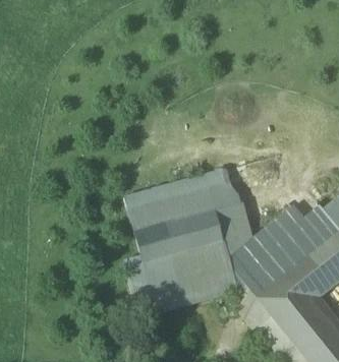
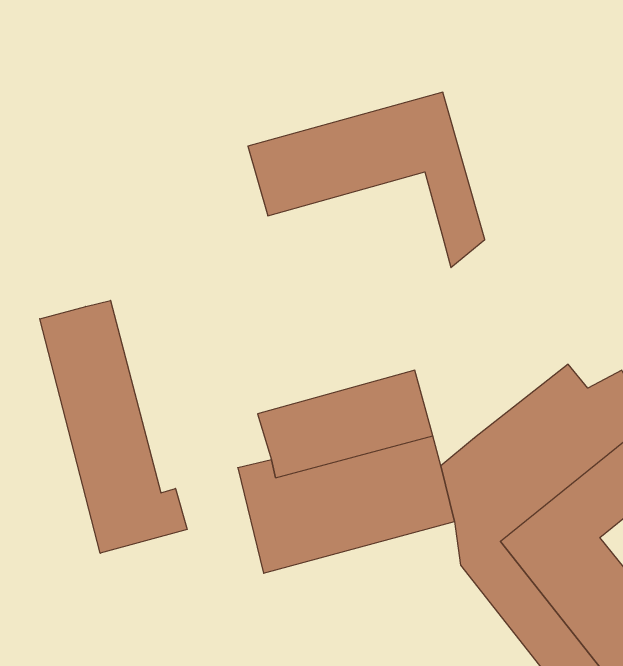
building: [125,167,246,256] -> [248,92,485,268]
building: none -> [40,300,187,553]

